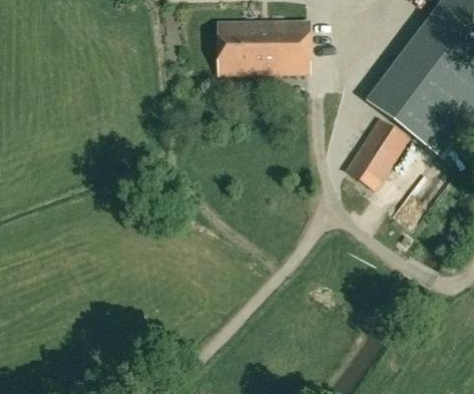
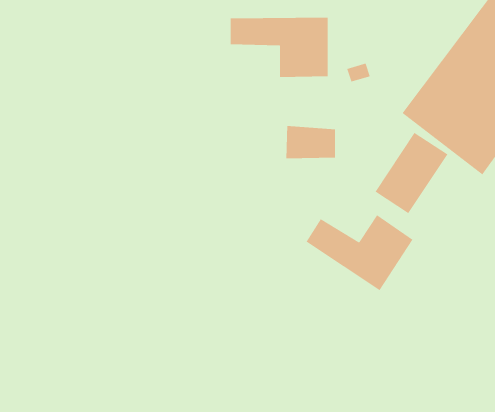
building: [221,44,265,73] -> [285,125,336,159]
building: none -> [305,214,414,291]

